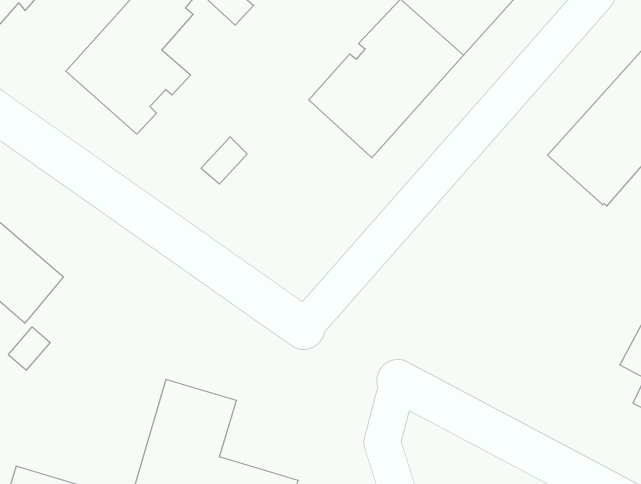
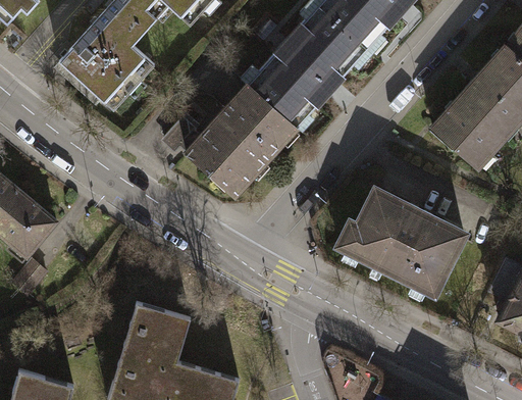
building: none -> [187,85,295,192]
building: none -> [338,189,464,293]

